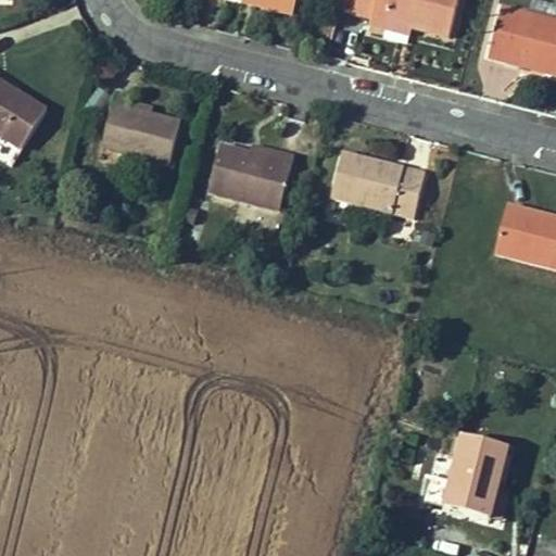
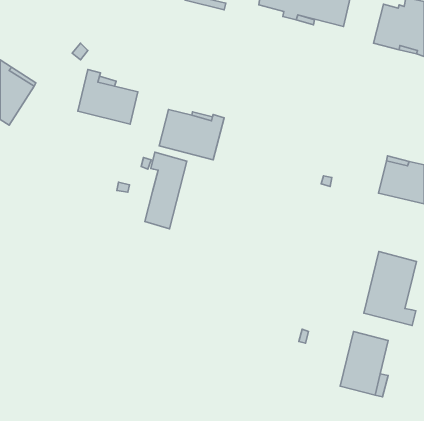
building: [331,151,426,217] -> none
building: none -> [145,152,187,229]
building: none -> [364,251,416,326]

